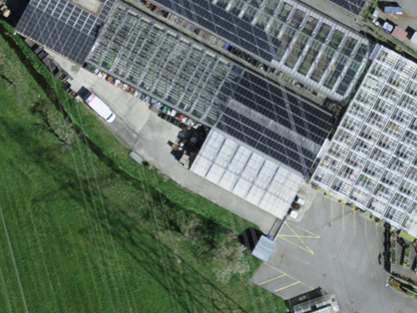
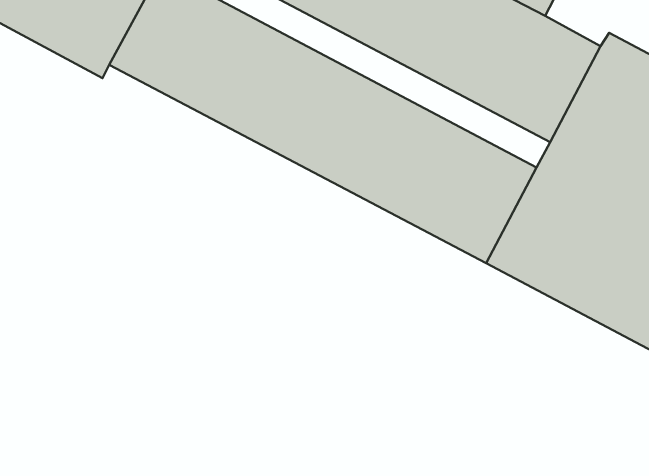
building: [190,126,308,221] -> none

